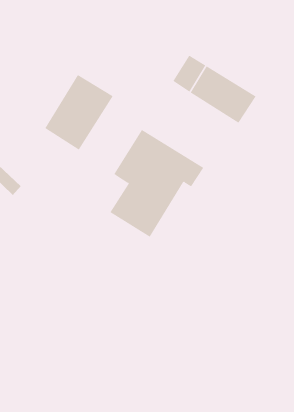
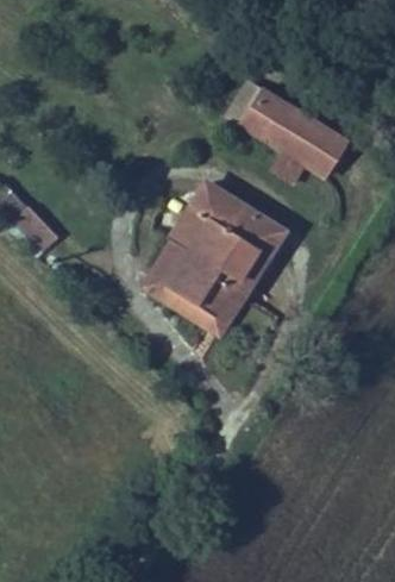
building: [44,74,113,151] -> none
building: none -> [145,239,268,331]

